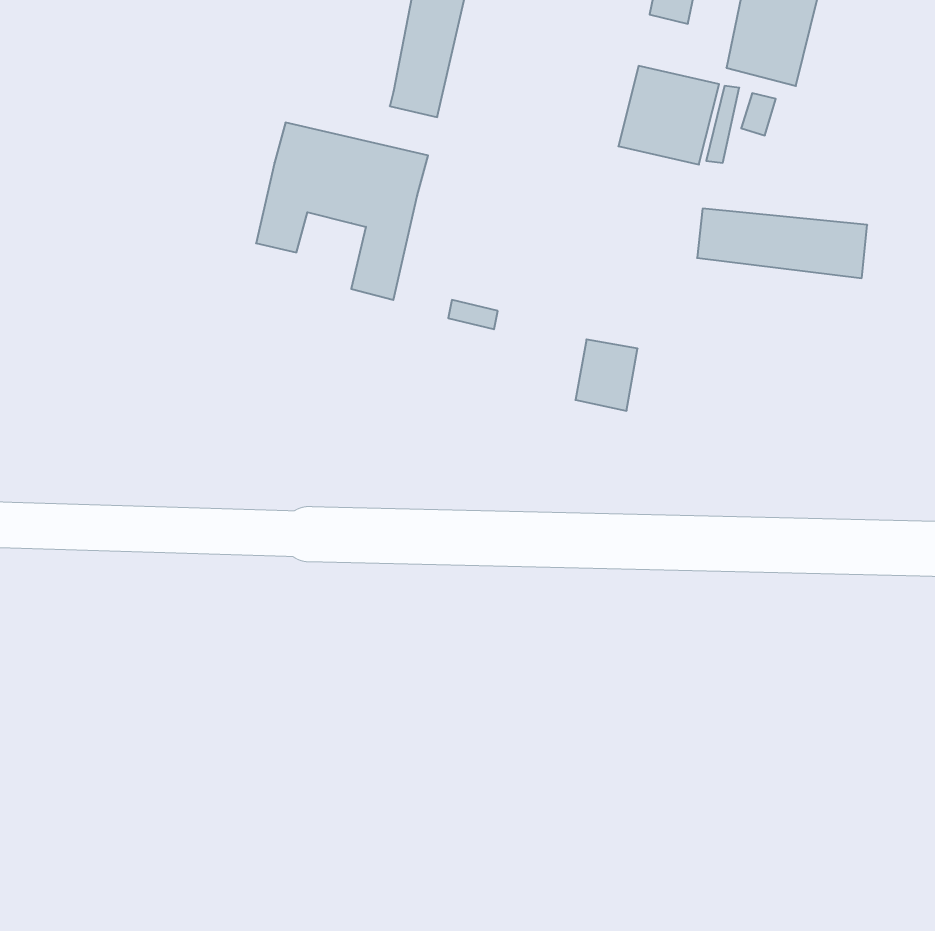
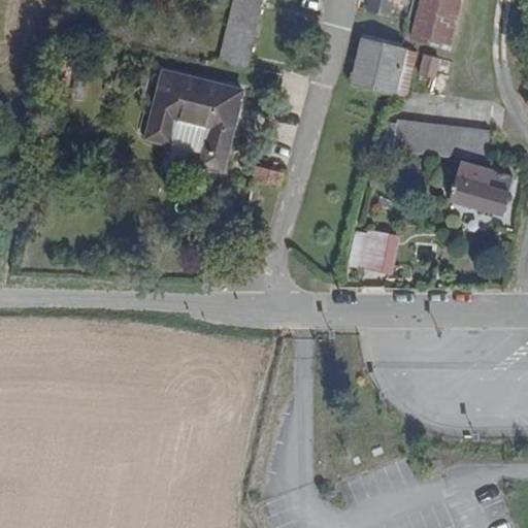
building: none -> [449,159,512,214]
building: [575,339,638,411] -> [361,231,396,271]

